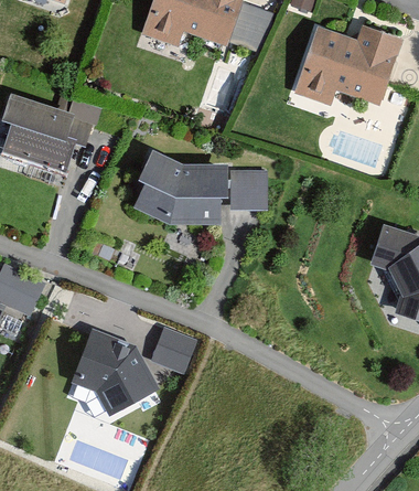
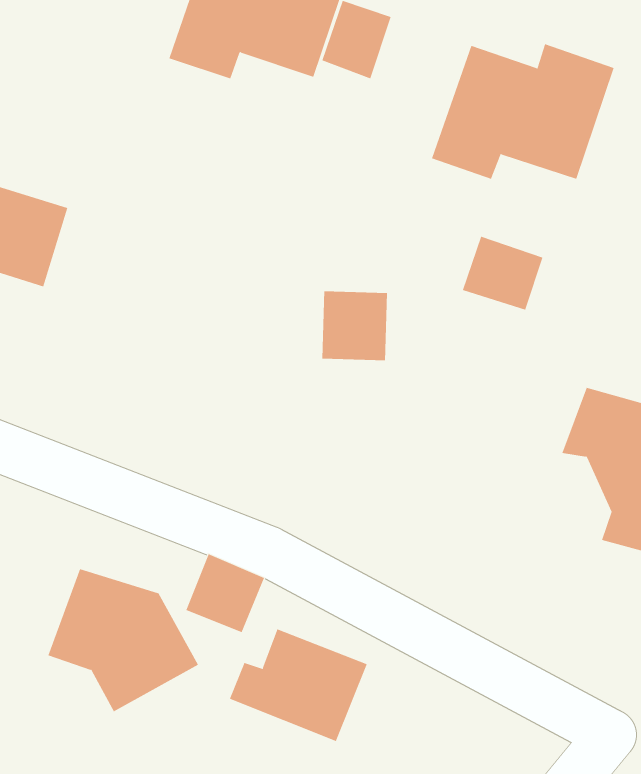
building: none -> [462,236,543,310]
building: [132,150,228,224] -> none
building: none -> [229,629,367,742]

